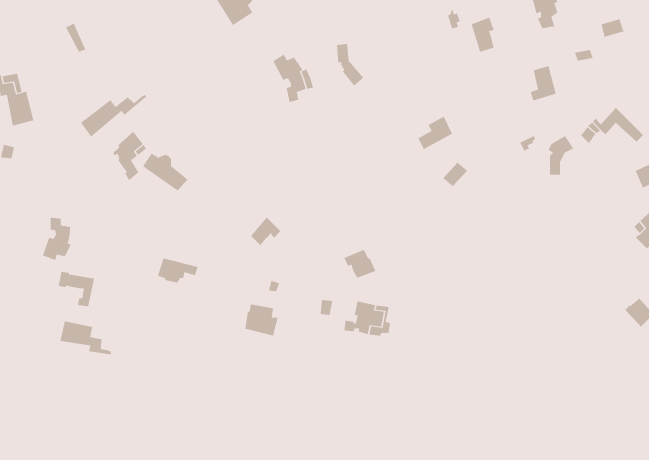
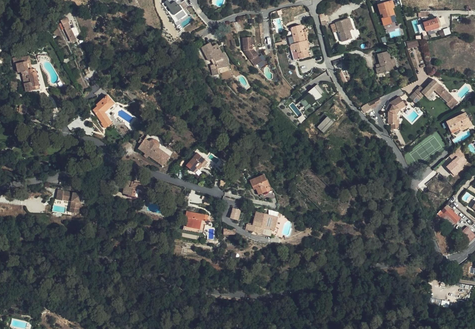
building: none -> [288,24,309,60]
building: [80,94,148,137] -> none
building: [142,153,188,191] -> [138,138,169,164]
building: [42,217,72,261] -> none
building: [60,320,111,355] -> none

